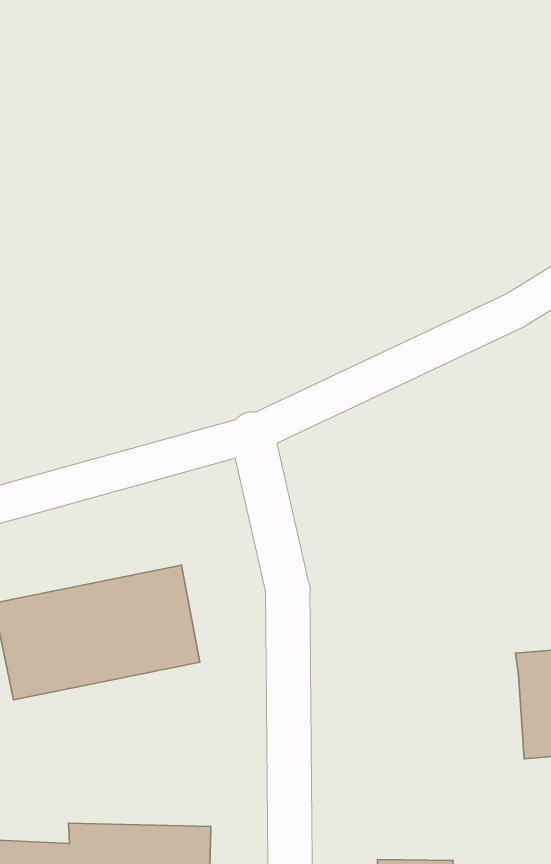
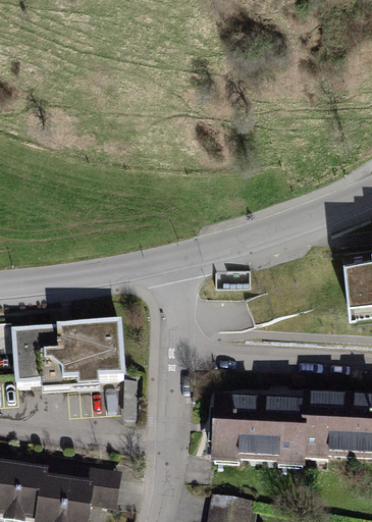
building: none -> [206,405,303,470]

